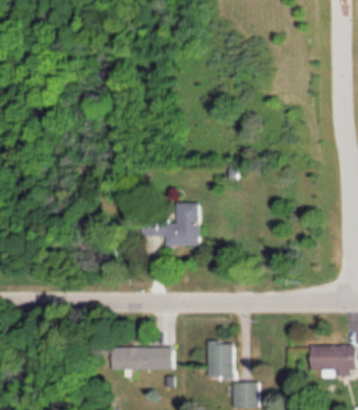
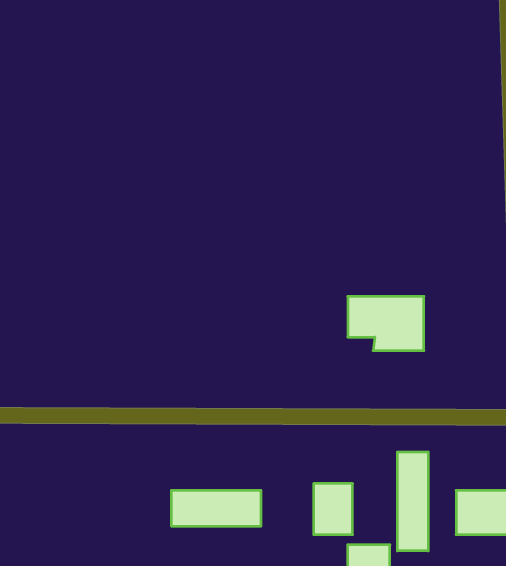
building: [148,211,197,246] -> [348,296,424,351]
building: none -> [397,452,428,551]

